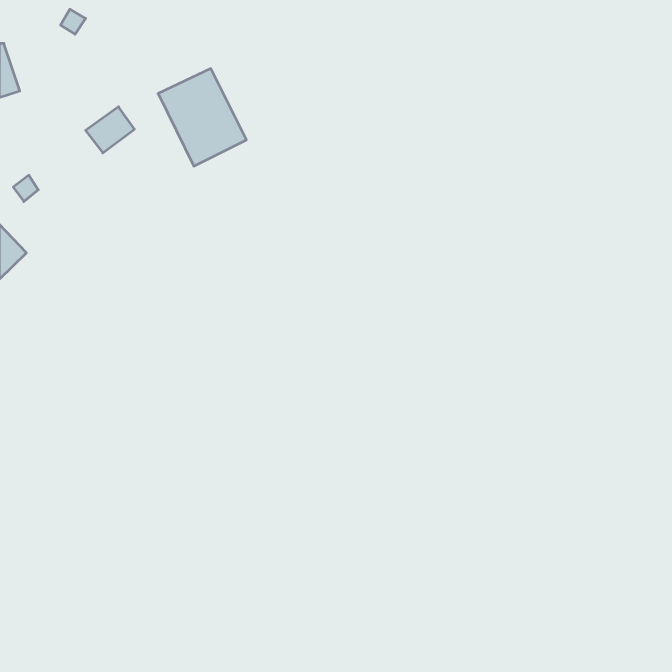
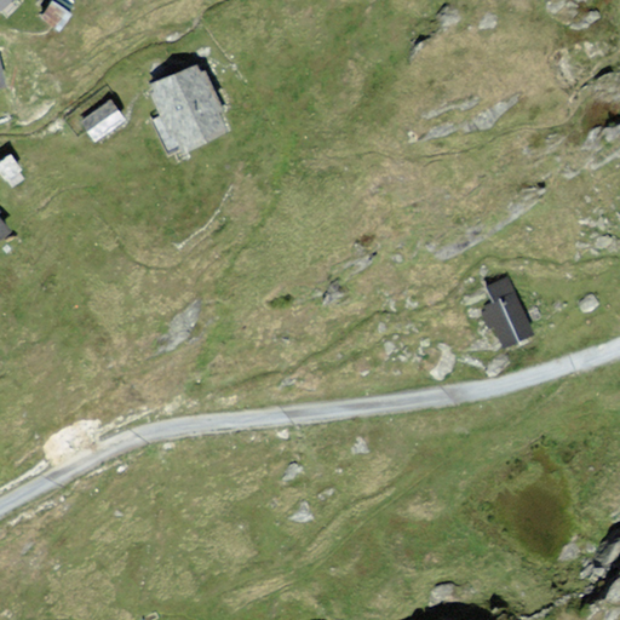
building: none -> [478,275,530,348]

